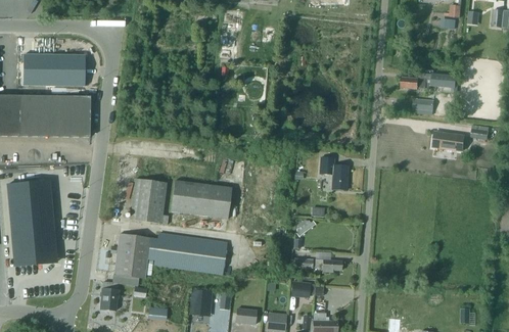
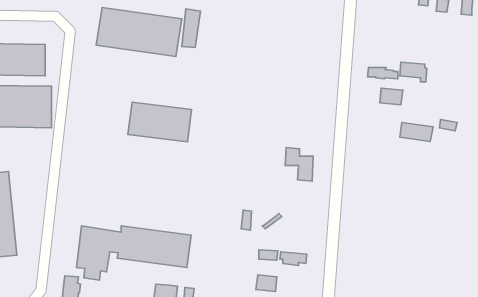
building: none -> [96,8,182,57]
building: [130,179,169,224] -> none
building: [170,180,232,219] -> [128,102,192,142]

